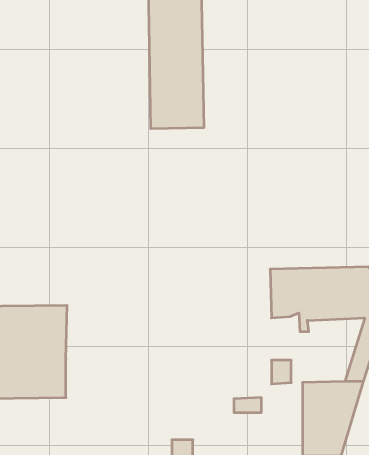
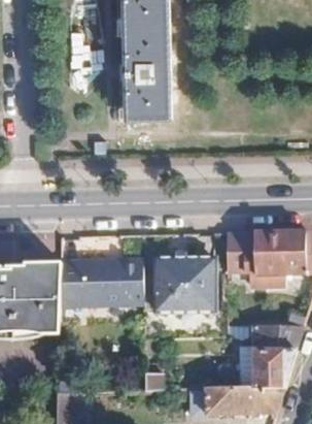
building: none -> [57,260,145,306]
building: none -> [157,260,215,314]

